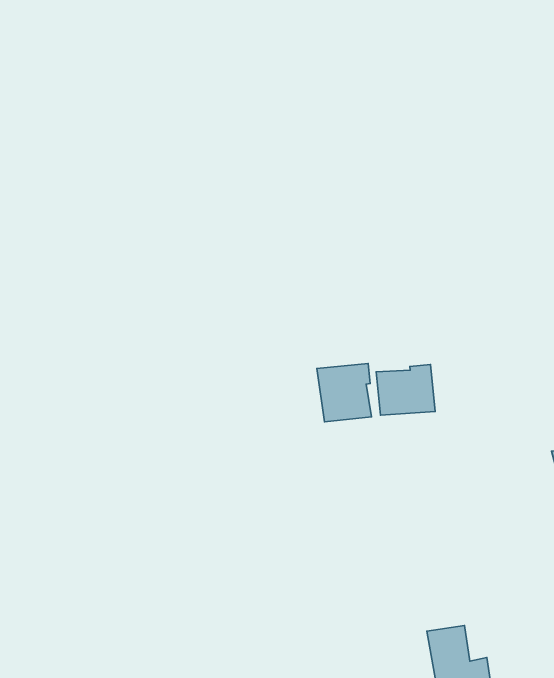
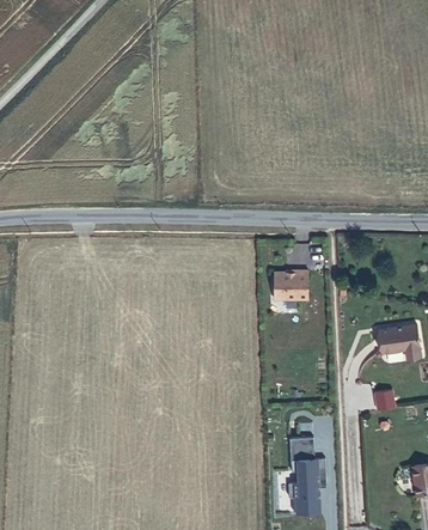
building: [317,363,372,422] -> none

